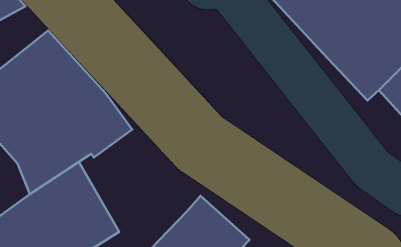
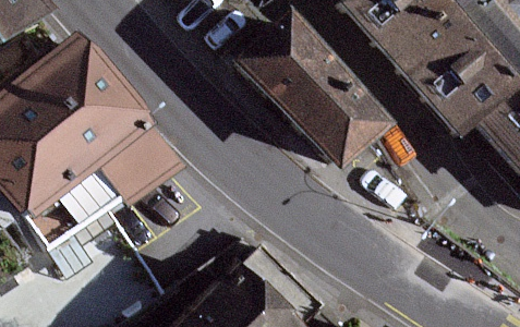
building: none -> [238,14,384,165]

